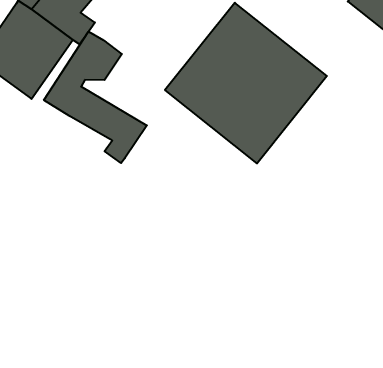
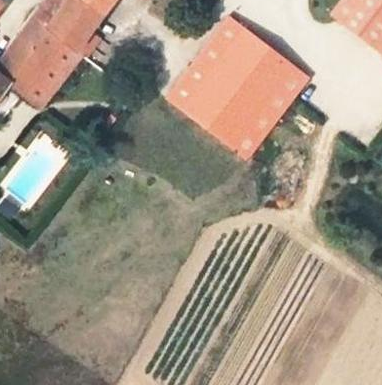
building: [44,31,147,163] -> none

